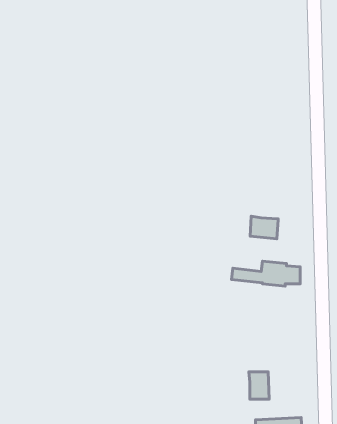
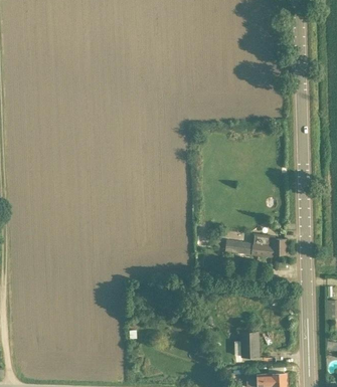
building: [250,216,278,239] -> none

